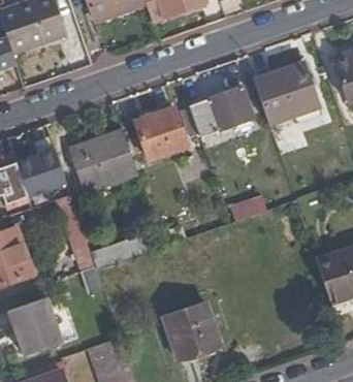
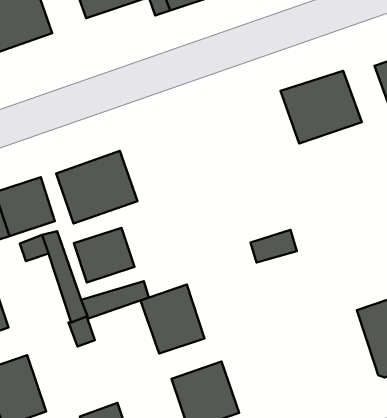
building: [188,86,253,134] -> none
building: [135,106,187,158] -> none
building: none -> [74,228,135,282]
building: none -> [140,285,205,354]

